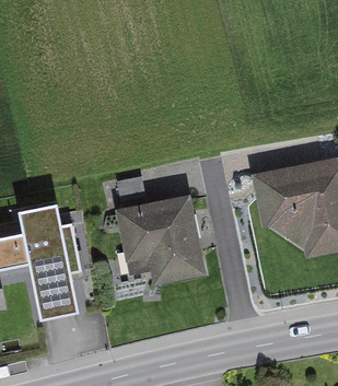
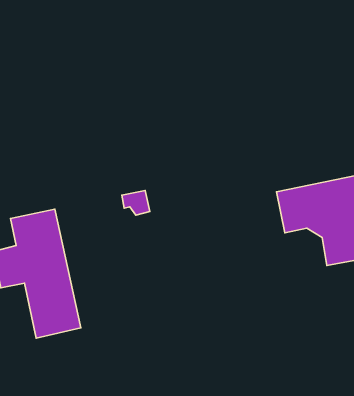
building: [119,201,198,280] -> none

